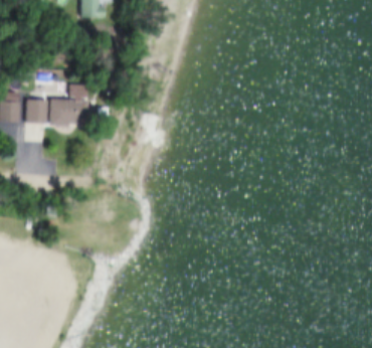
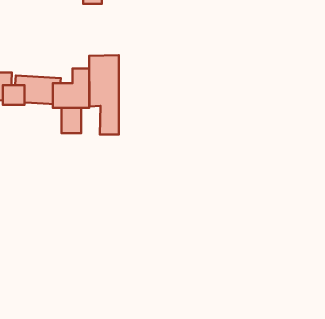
building: none -> [89,55,119,135]
building: none -> [62,108,81,133]

